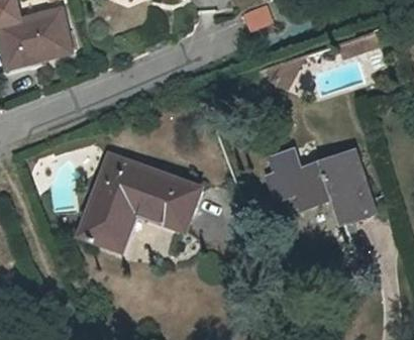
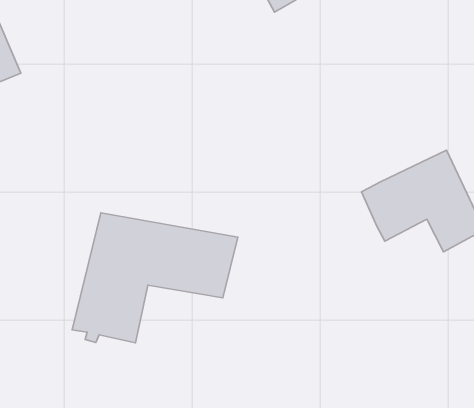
building: [275,149,308,199] -> none

